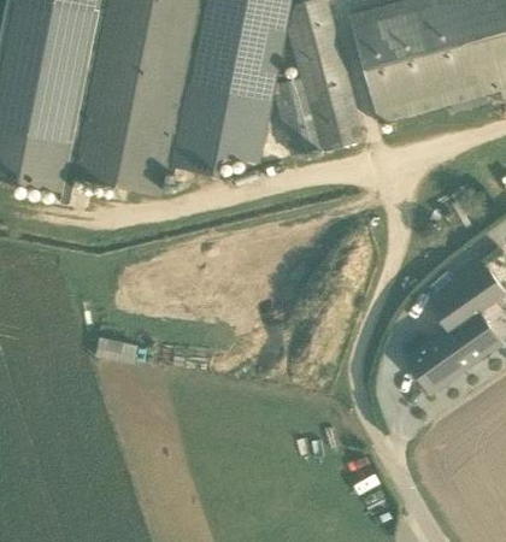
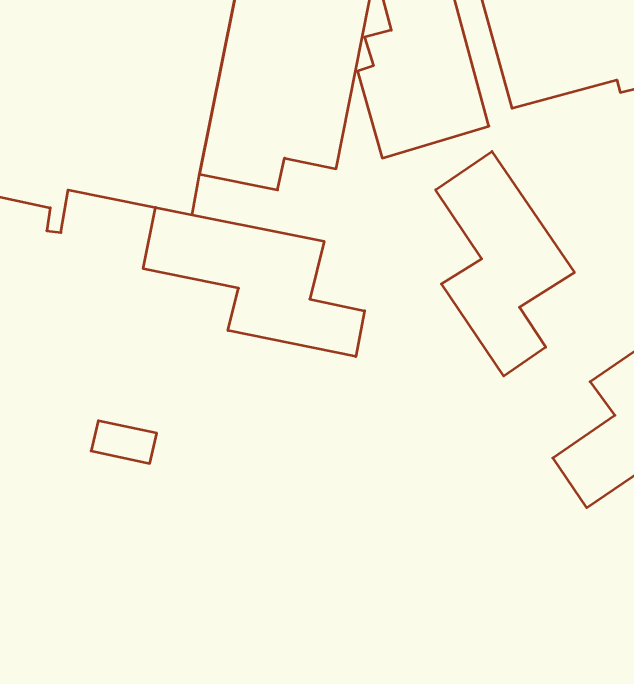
building: none -> [436,151,574,376]
building: none -> [143,207,365,357]

